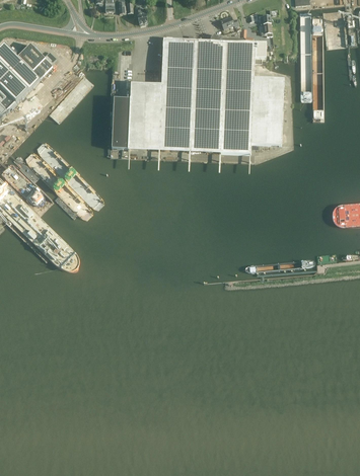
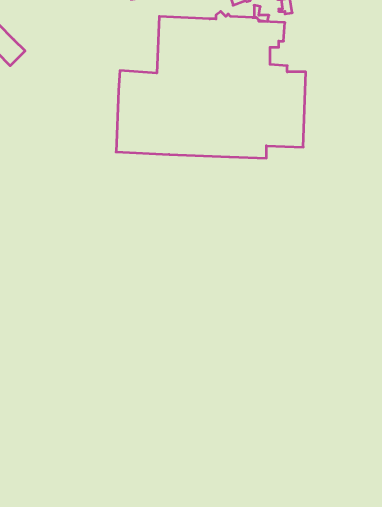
building: [111,97,129,149] -> none

